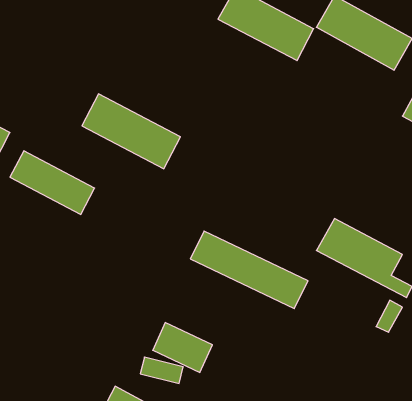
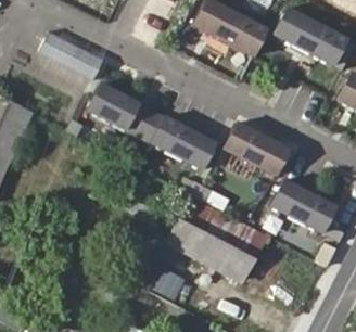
building: none -> [152,116,218,168]
building: none -> [228,124,292,175]
building: [10,151,95,214] -> [39,29,105,79]
building: none -> [168,218,256,281]

